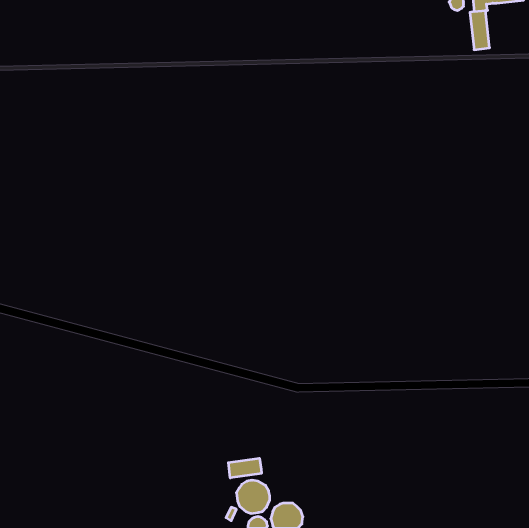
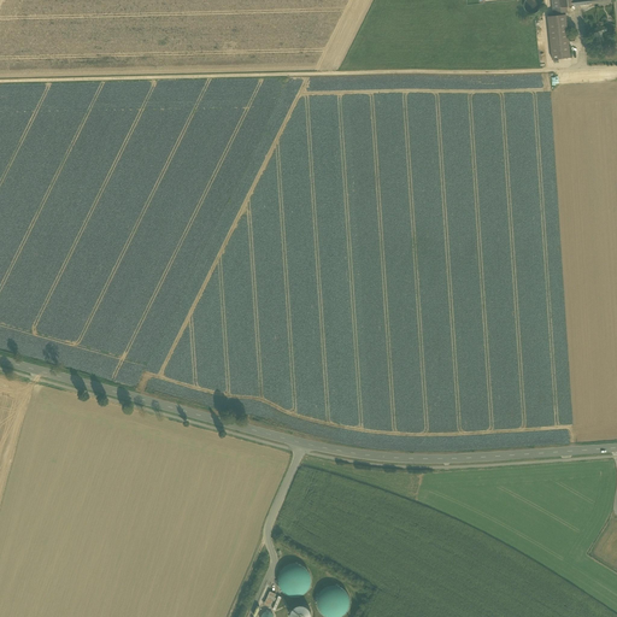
building: [228,458,261,478] -> none

